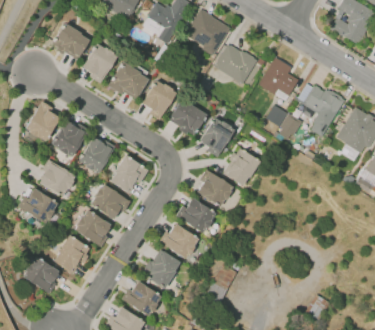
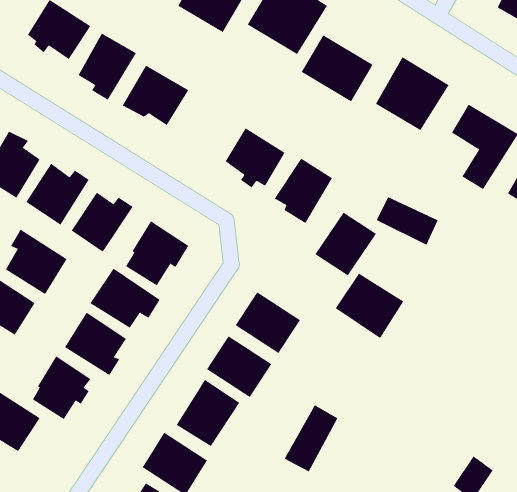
building: [142,80,177,120] -> none
building: [265,105,302,134] -> [376,197,439,246]
building: [192,169,233,208] -> [335,273,404,339]

